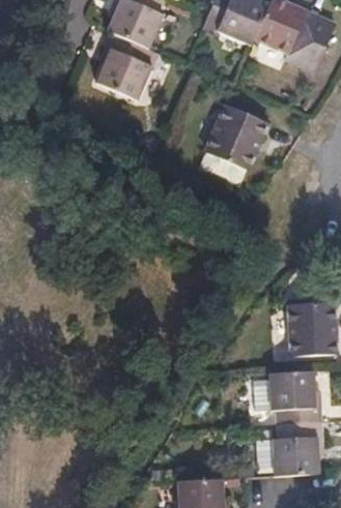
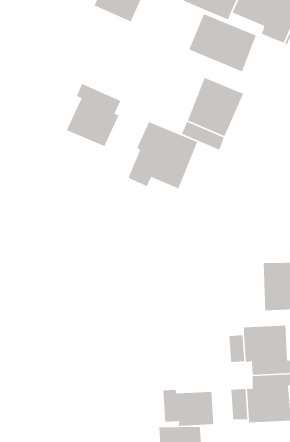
building: [96,32,155,100] -> [66,83,121,147]
building: none -> [188,13,257,72]
building: none -> [127,121,198,190]
building: none -> [163,389,214,427]

